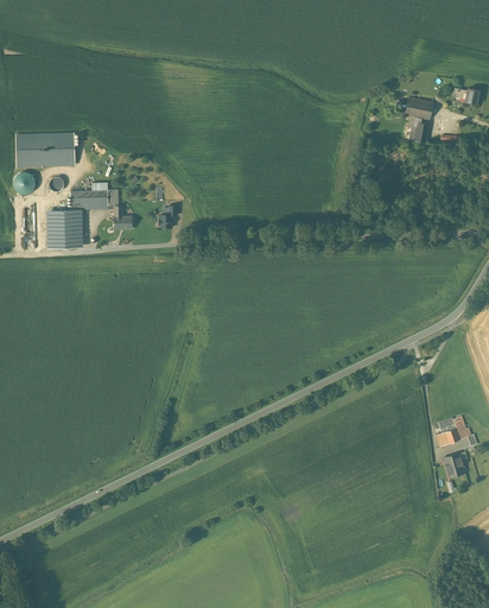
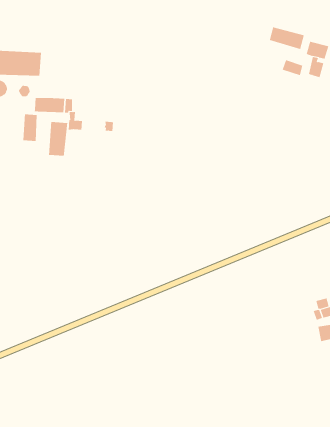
building: none -> [269,26,304,50]
building: none -> [49,121,68,157]

